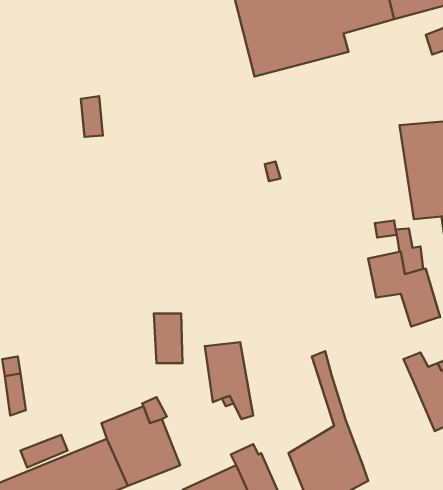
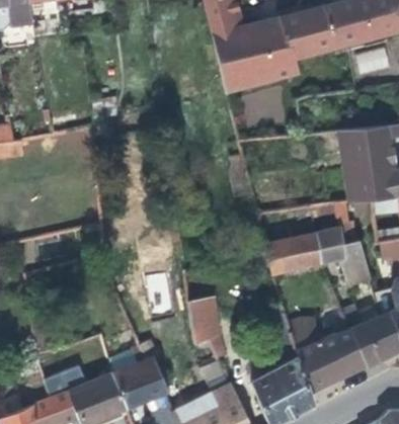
building: none -> [264,233,321,274]
building: none -> [287,319,367,393]

